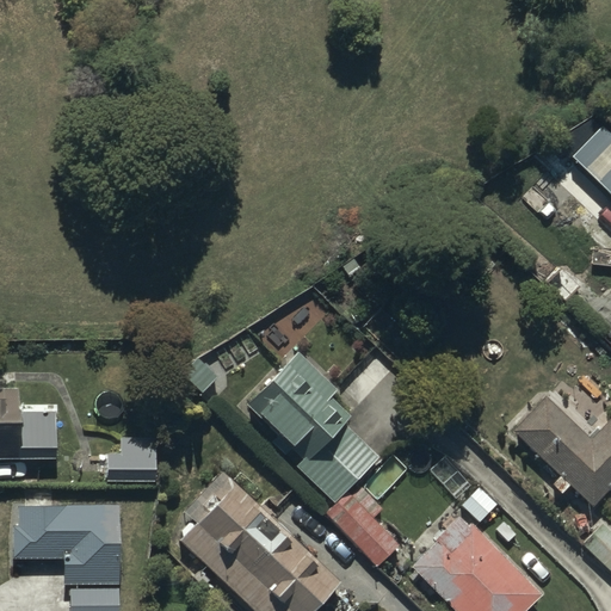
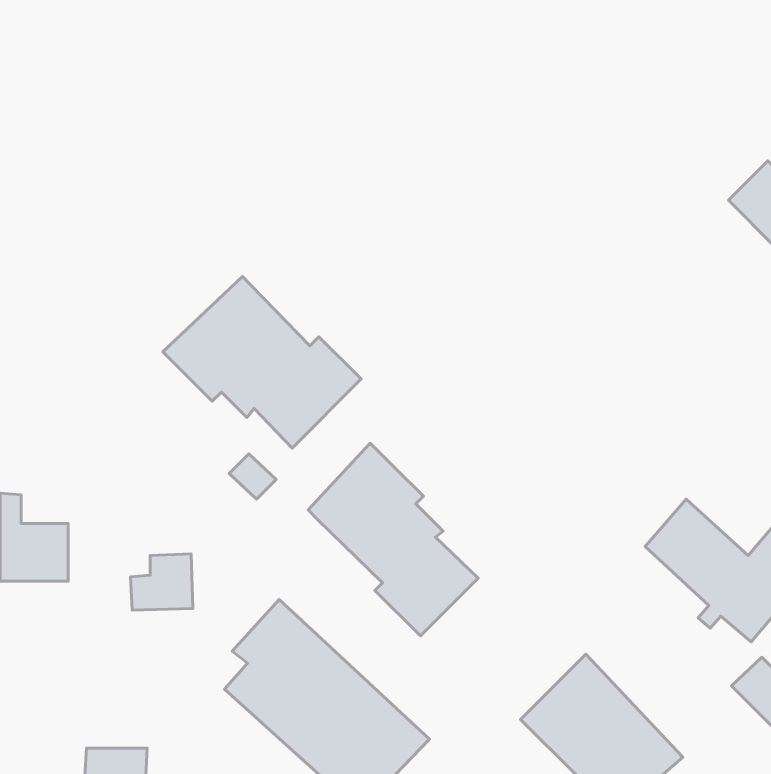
building: none -> [163,277,361,448]
building: [326,482,400,566] -> none
building: [13,500,119,586] -> none

